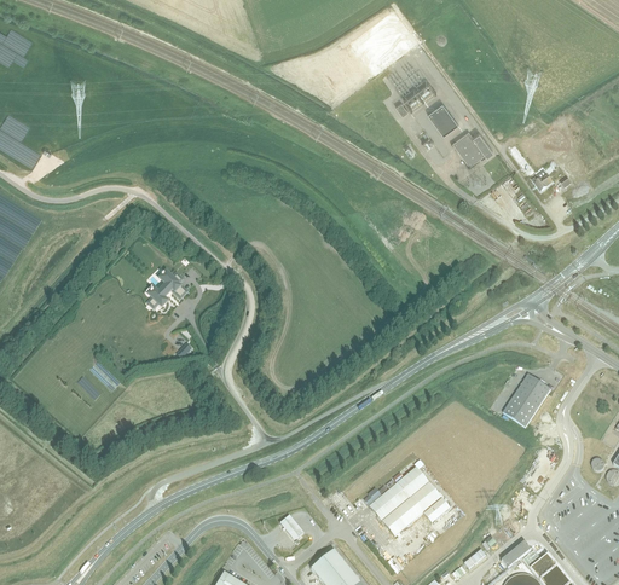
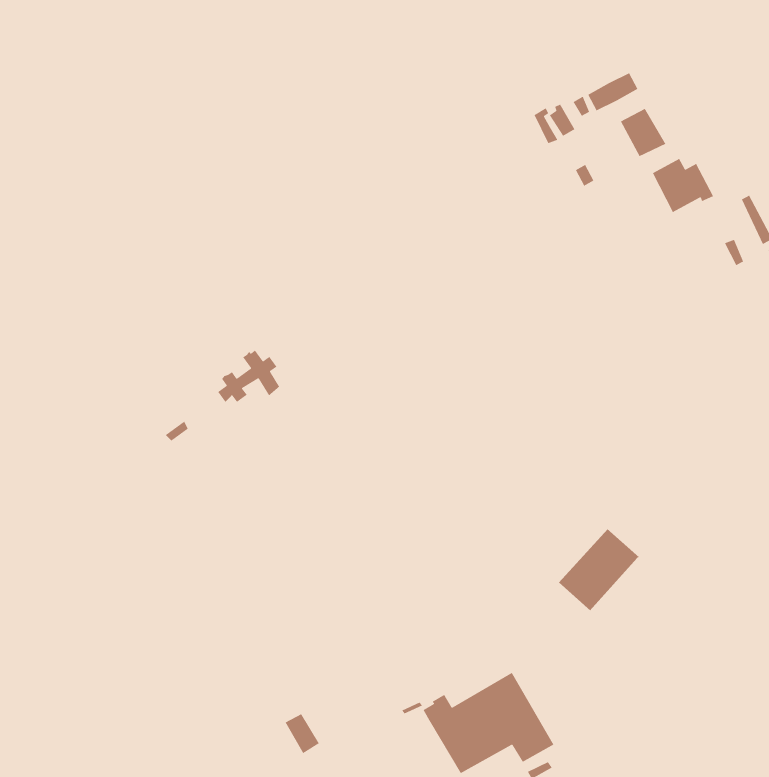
building: [149,271,187,307] -> [217,350,280,403]
building: [503,373,551,427] -> [558,529,640,611]

